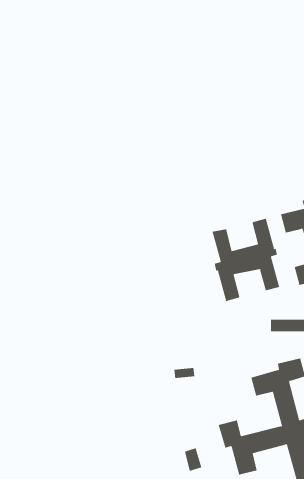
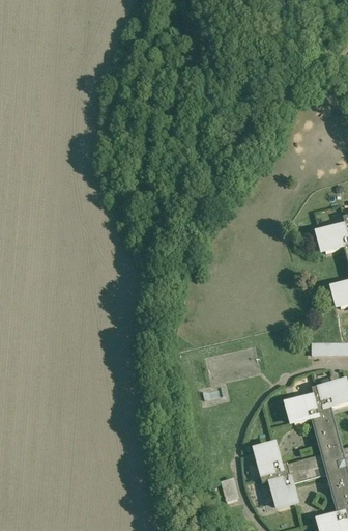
building: [212,218,280,302] -> none

